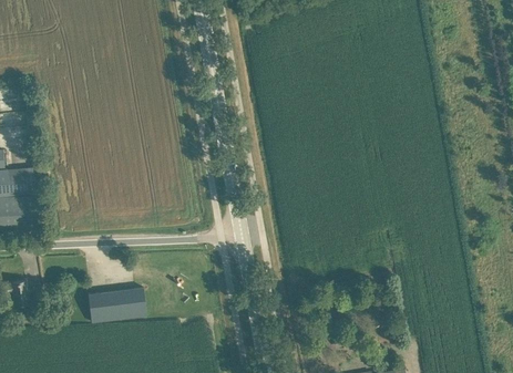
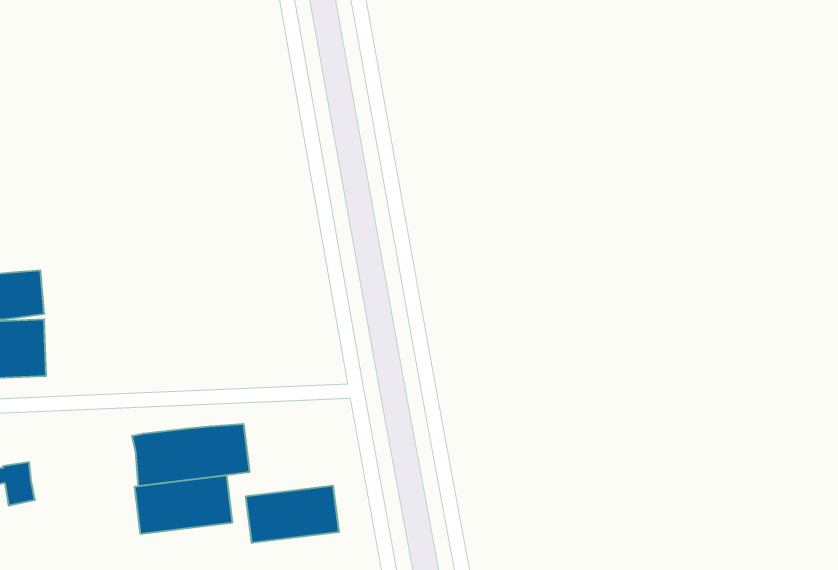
building: none -> [132,424,249,486]
building: none -> [246,486,339,543]

